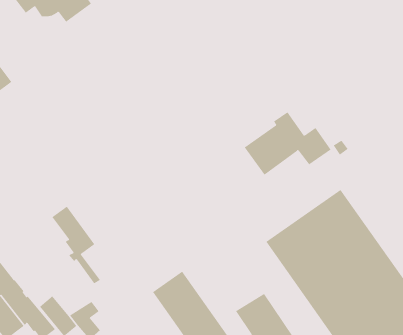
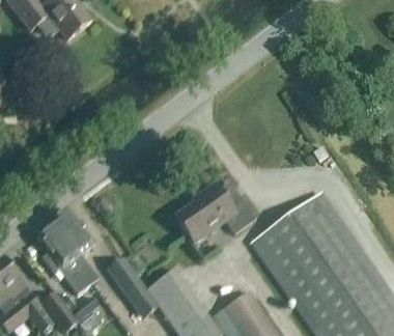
building: [244,112,331,175] -> [174,184,255,243]
building: none -> [35,219,92,293]
building: none -> [108,259,157,316]

